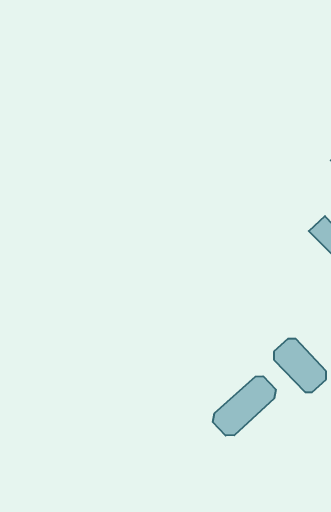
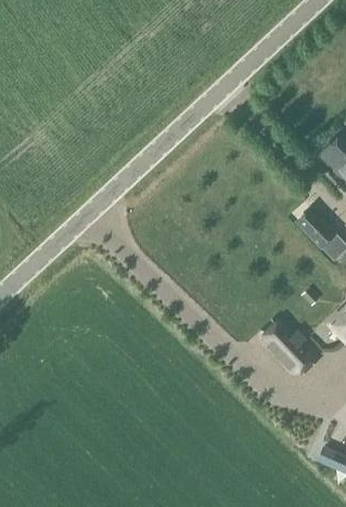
building: [213,376,276,436] -> none

